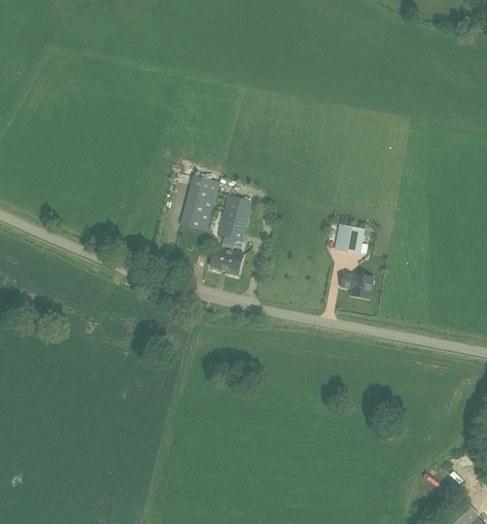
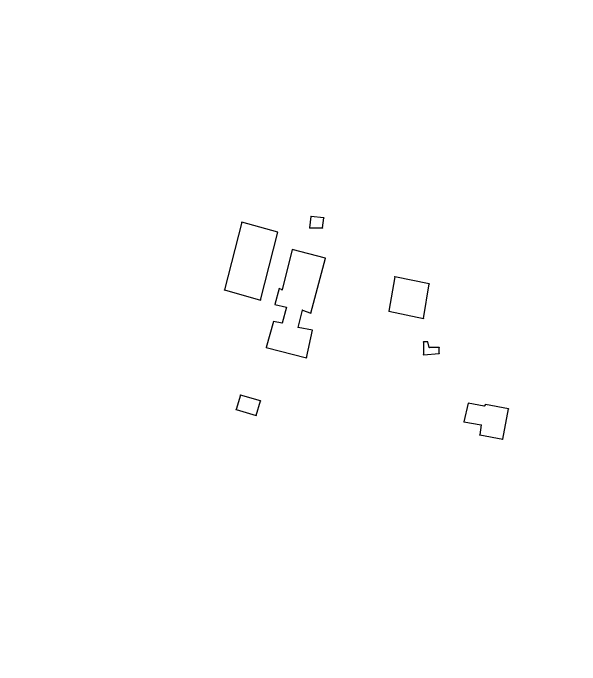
building: [335,223,363,253] -> [389,277,429,318]
building: [340,272,372,298] -> [464,403,509,439]

